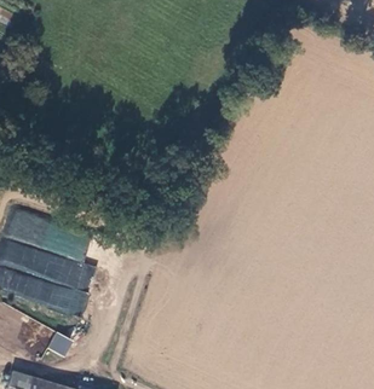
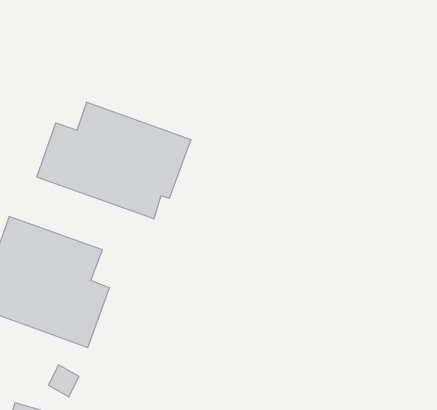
building: none -> [37,102,191,219]

